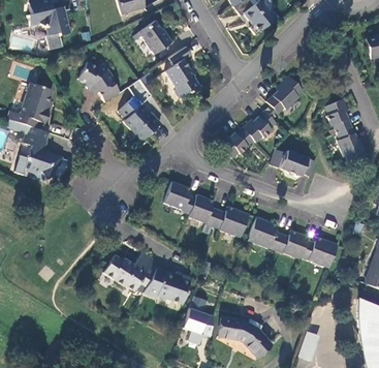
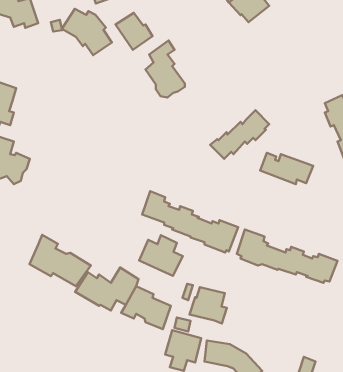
building: [76,61,121,102] -> [62,9,112,55]
building: [266,75,303,113] -> none
building: [119,96,161,141] -> none
building: none -> [29,235,91,286]
building: none -> [139,235,183,276]
building: none -> [189,287,227,323]

